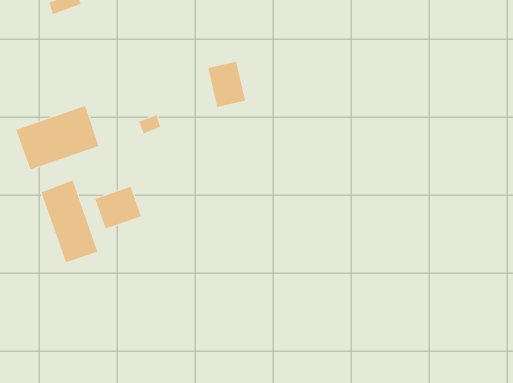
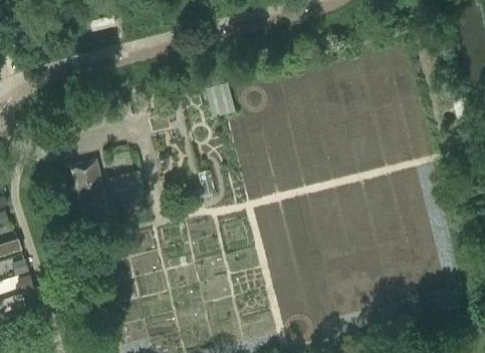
building: [15,105,99,170] -> none

